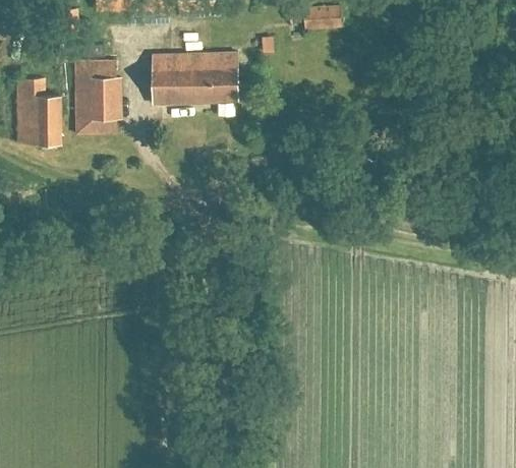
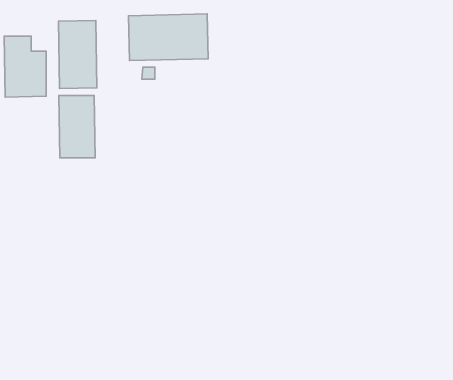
building: none -> [59,95,95,158]

